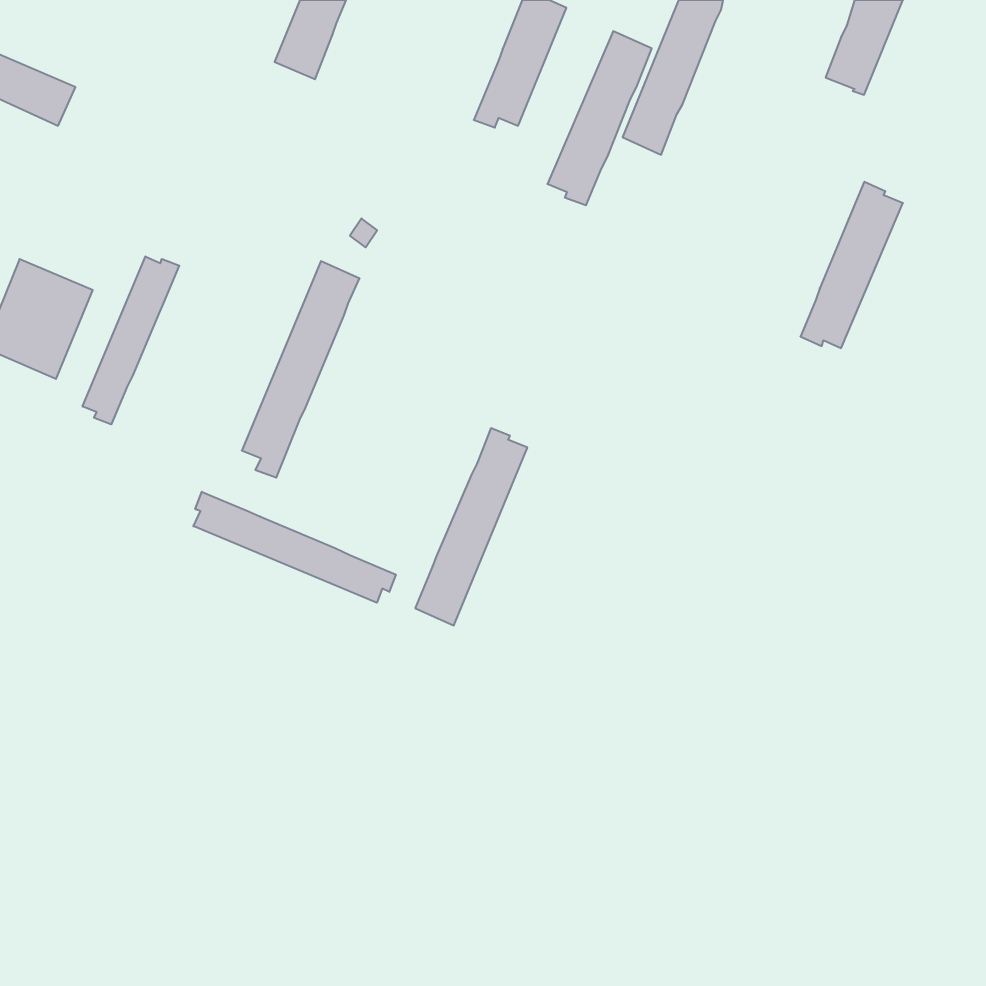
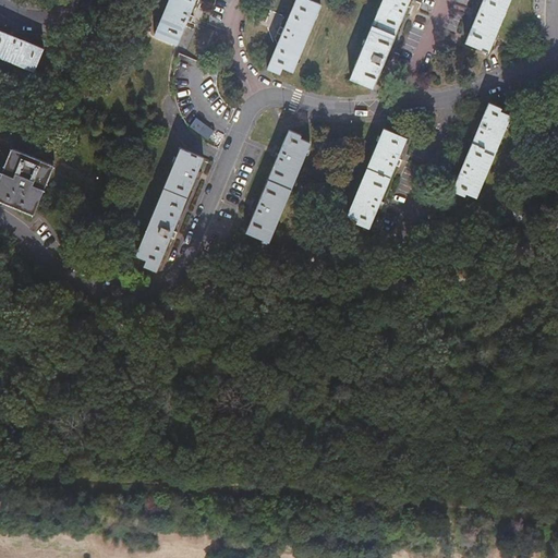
building: [547,31,652,205] -> [347,129,405,227]
building: [83,256,179,424] -> none
building: [415,428,527,625] -> [246,131,310,242]
building: [193,492,396,603] -> none

